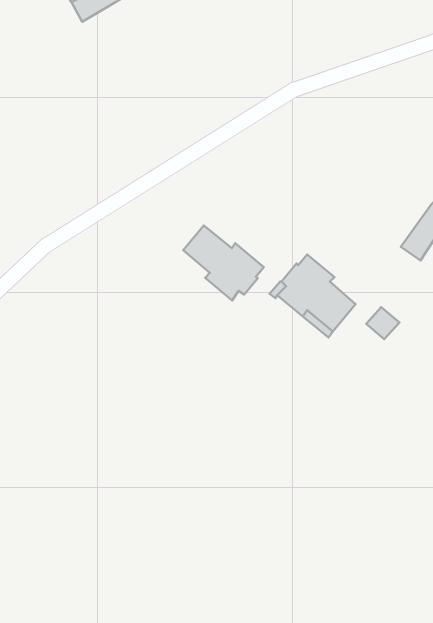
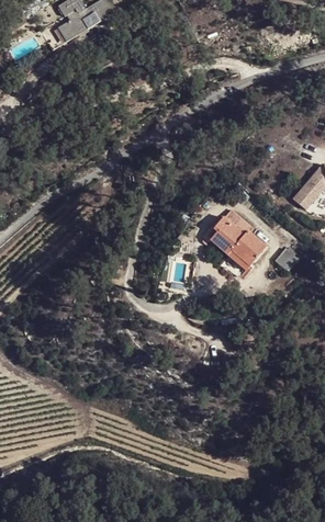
building: [183,226,264,300] -> none

